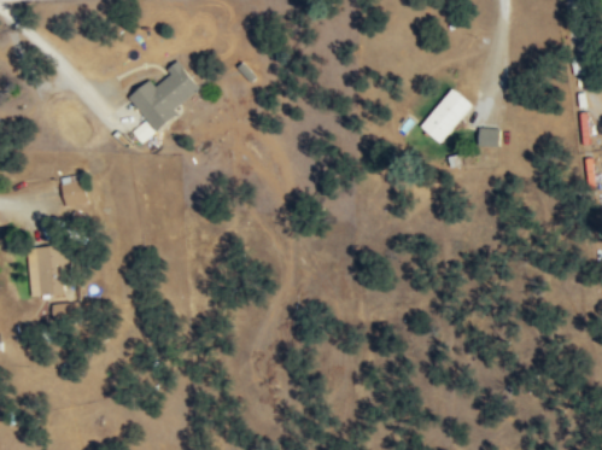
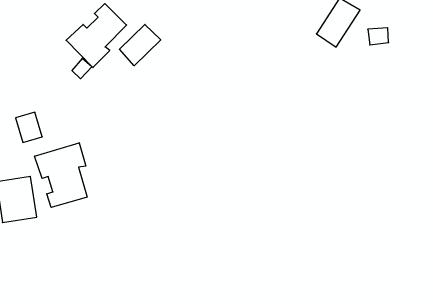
building: none -> [119,24,161,66]
building: none -> [35,143,87,207]

